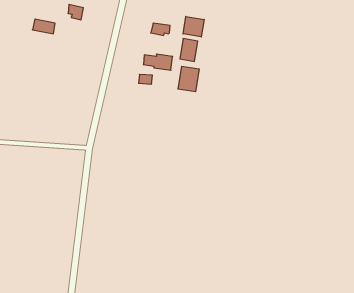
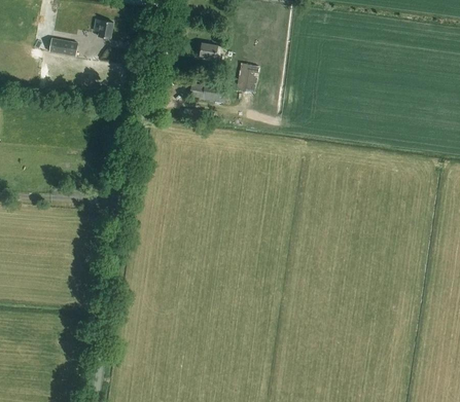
building: [183,16,204,37] -> none
building: [178,66,199,92] -> none

